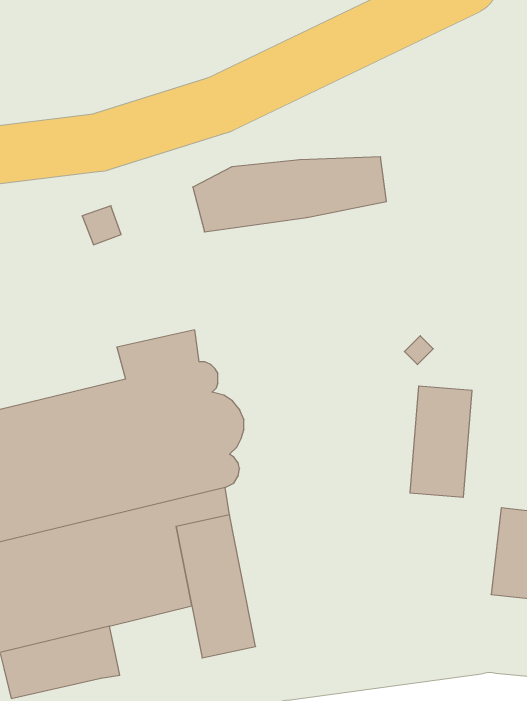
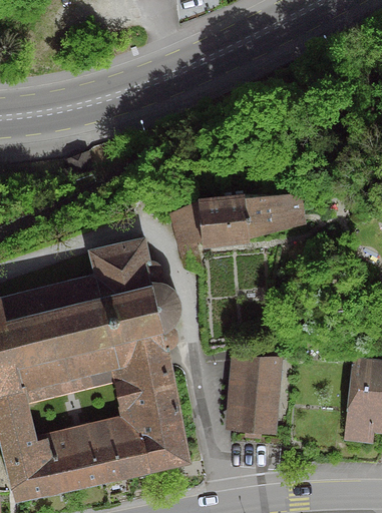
building: [193,157,386,232] -> [169,196,304,248]
building: [410,386,472,497] -> [234,357,277,434]
building: none -> [85,434,149,482]

